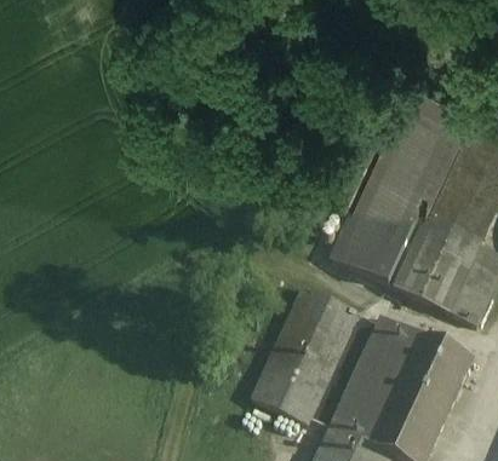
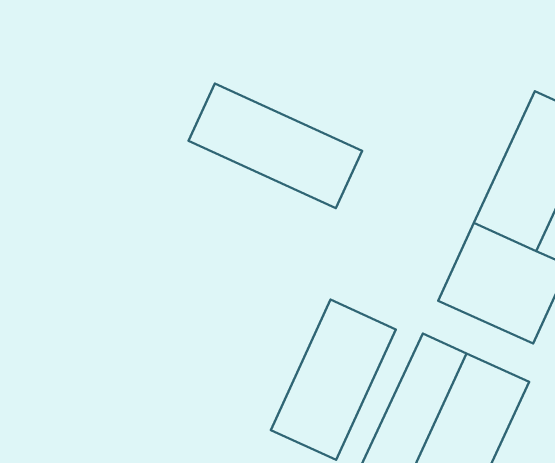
building: [331,79,470,284] -> none
building: none -> [189,84,362,208]

